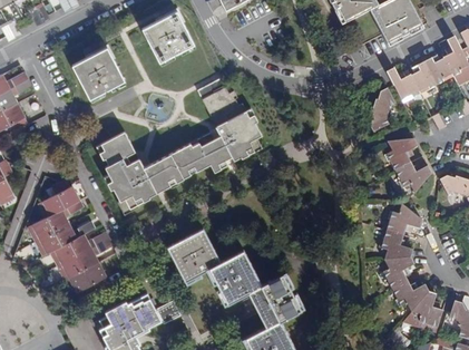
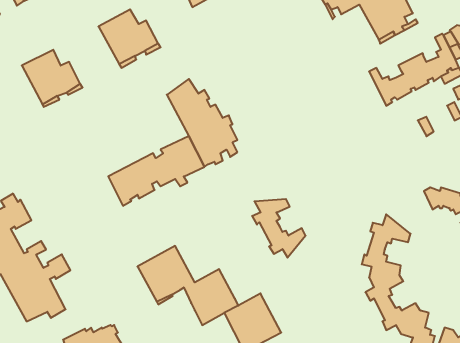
building: [365,85,392,129] -> none
building: [101,129,159,215] -> none
building: [381,137,430,191] -> [252,199,306,258]

